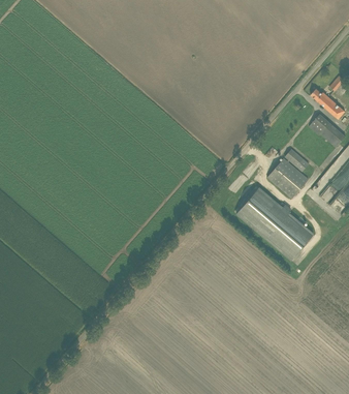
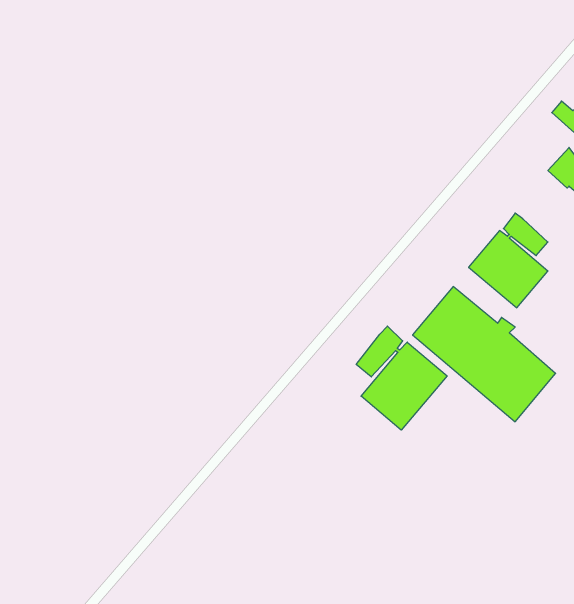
building: none -> [356,326,447,430]

